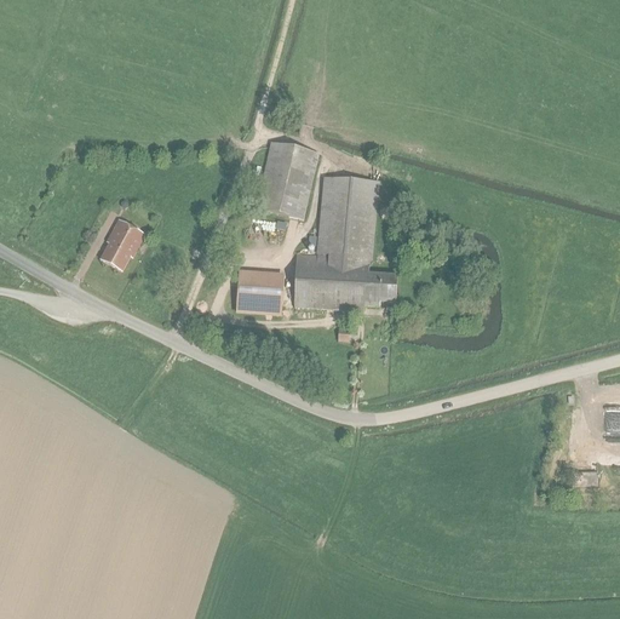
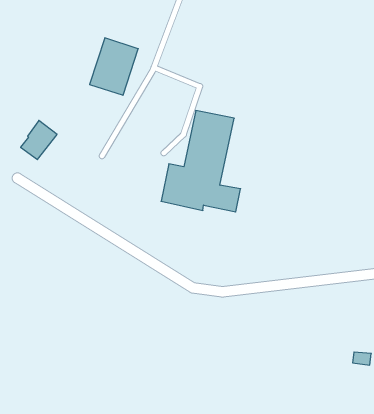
building: [259,142,317,214] -> [90,38,138,95]
building: [235,269,282,313] -> none

